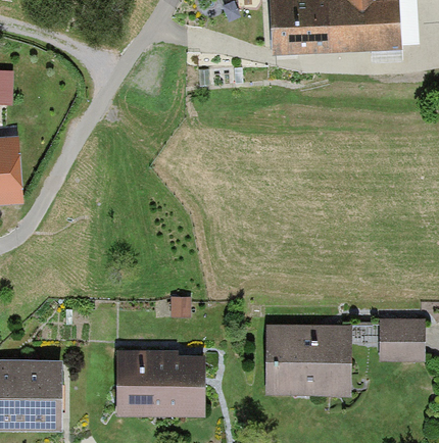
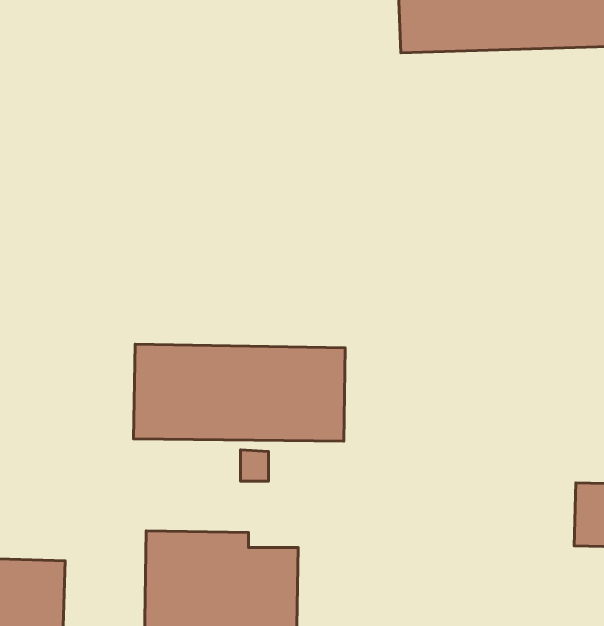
building: none -> [133,344,345,441]
building: [264,321,354,394] -> none

